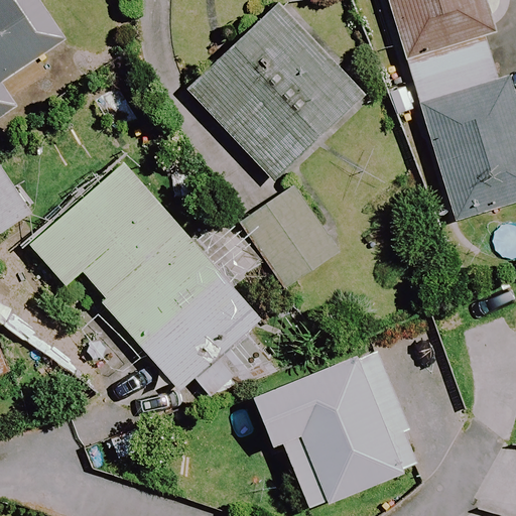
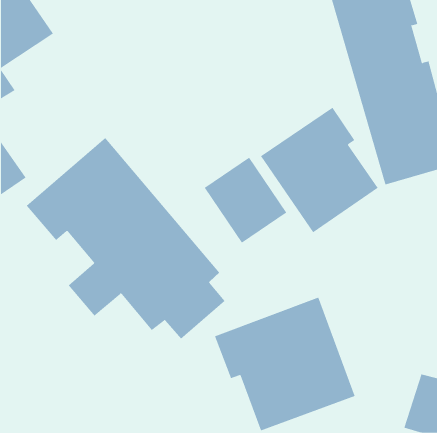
building: [187,4,362,178] -> none
building: none -> [260,107,378,233]

